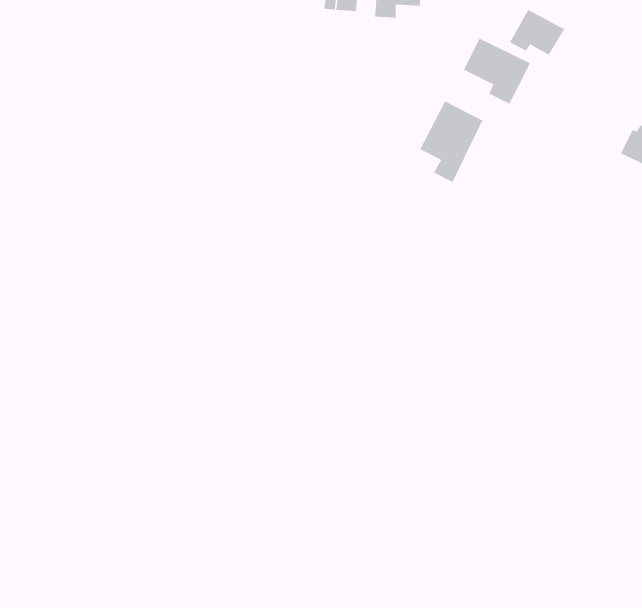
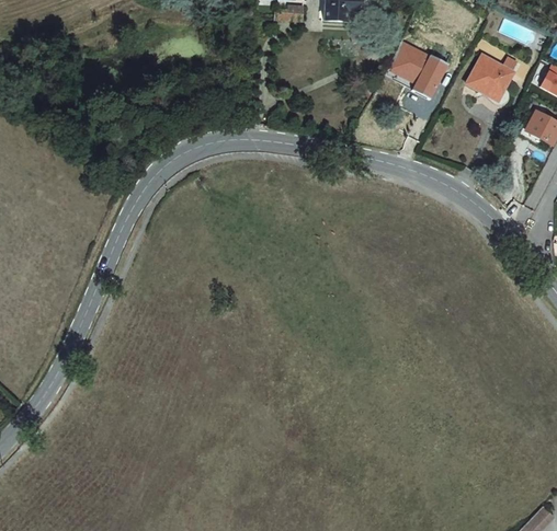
building: [509,9,565,56] -> [467,59,513,97]
building: [420,101,483,183] -> none

